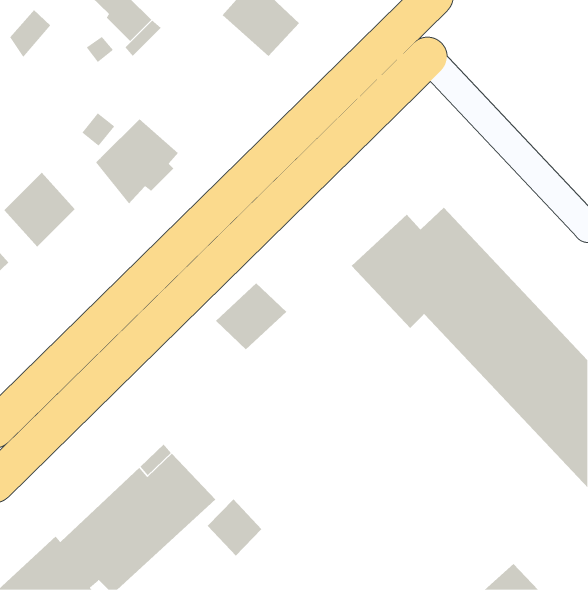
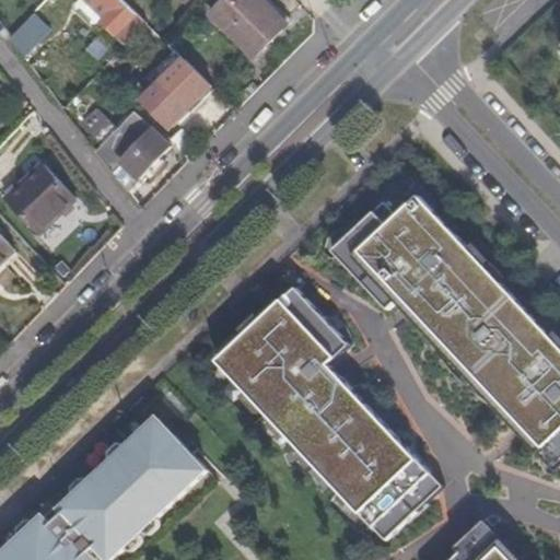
building: none -> [142,56,208,122]
building: [215,282,287,350] -> none
building: none -> [215,288,443,541]
building: [207,498,262,557] -> none

